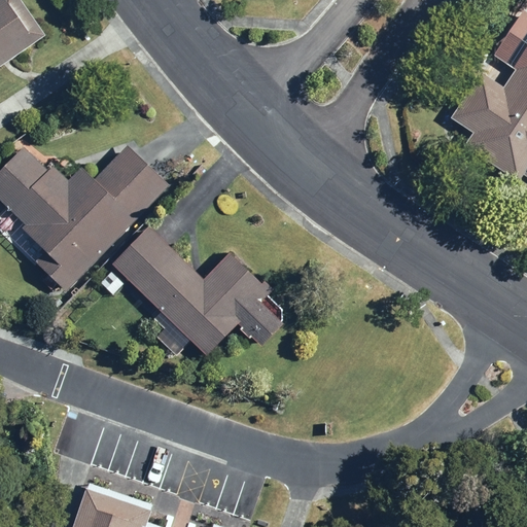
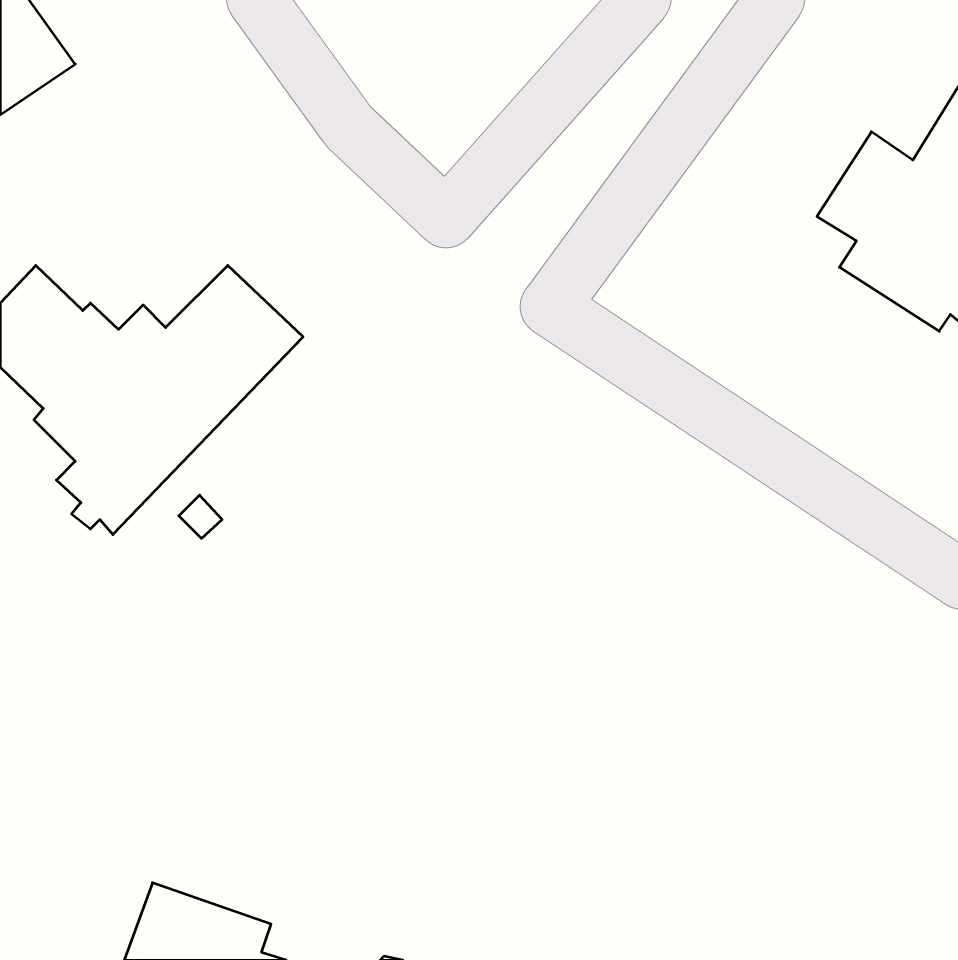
building: [110,226,282,355] -> none

